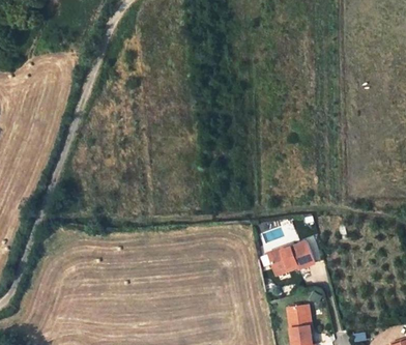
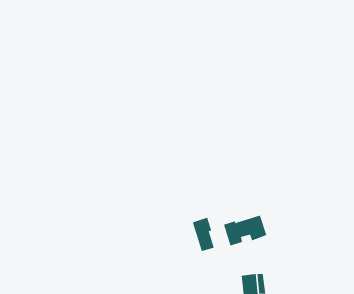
building: none -> [192,217,215,252]

